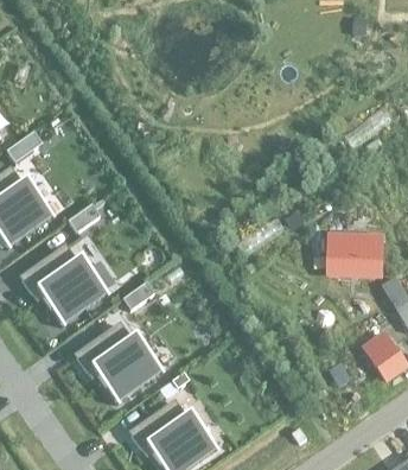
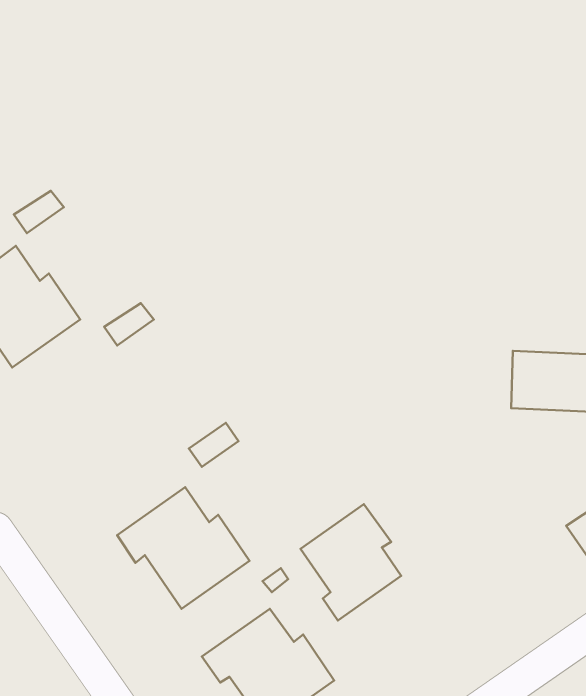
building: [21,246,107,323] -> none
building: none -> [301,504,401,620]

